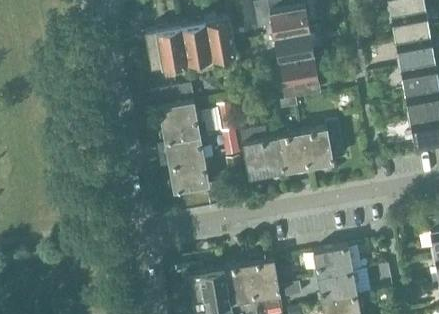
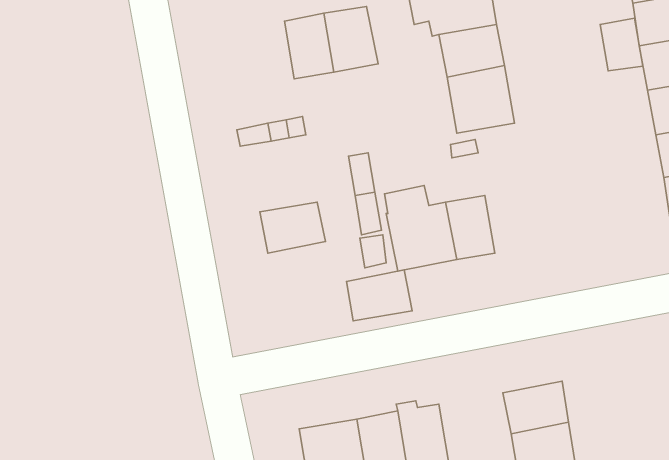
building: none -> [600,18,643,71]
building: [145,28,186,69] -> none
building: [159,102,201,144] -> none
building: [302,122,344,169] -> none
building: [170,162,210,193] -> [347,270,412,321]

